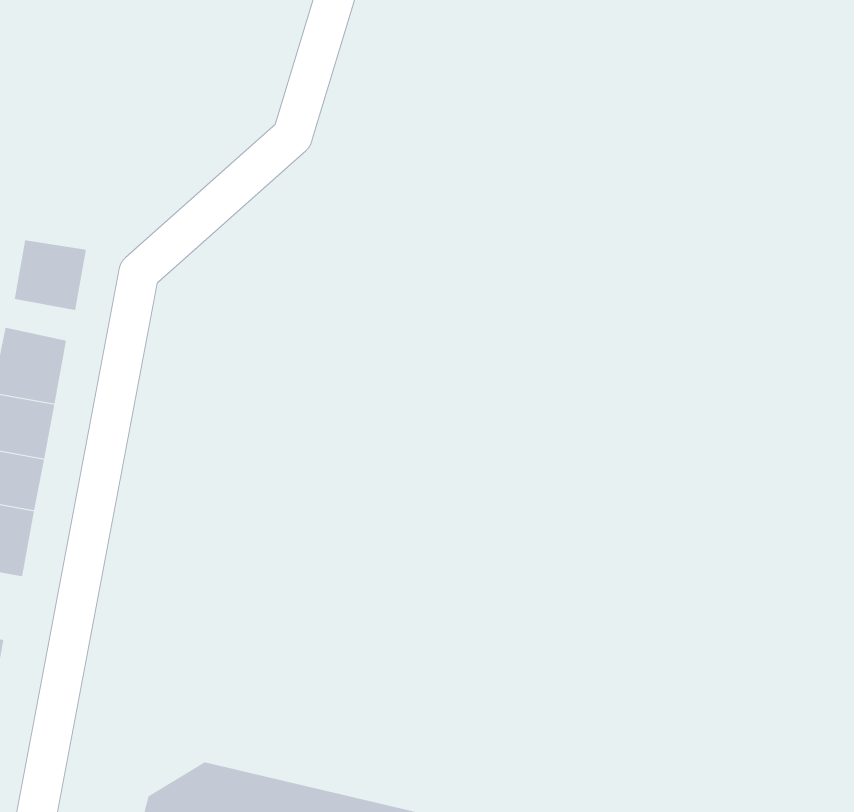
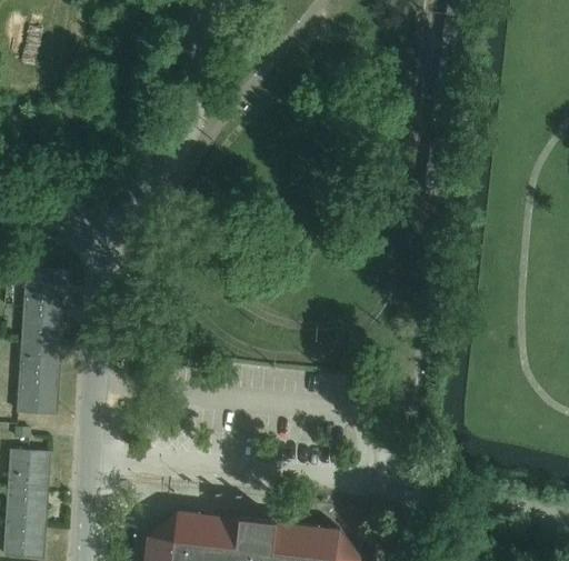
building: [14,240,87,311] -> none

